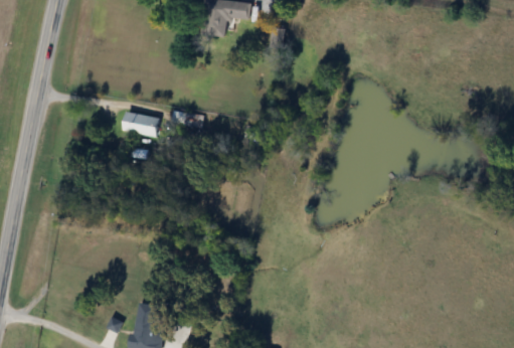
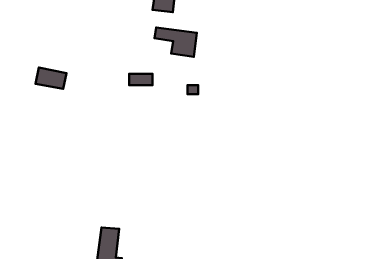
building: none -> [154,28,197,57]
building: [122,112,160,138] -> [35,68,66,89]

